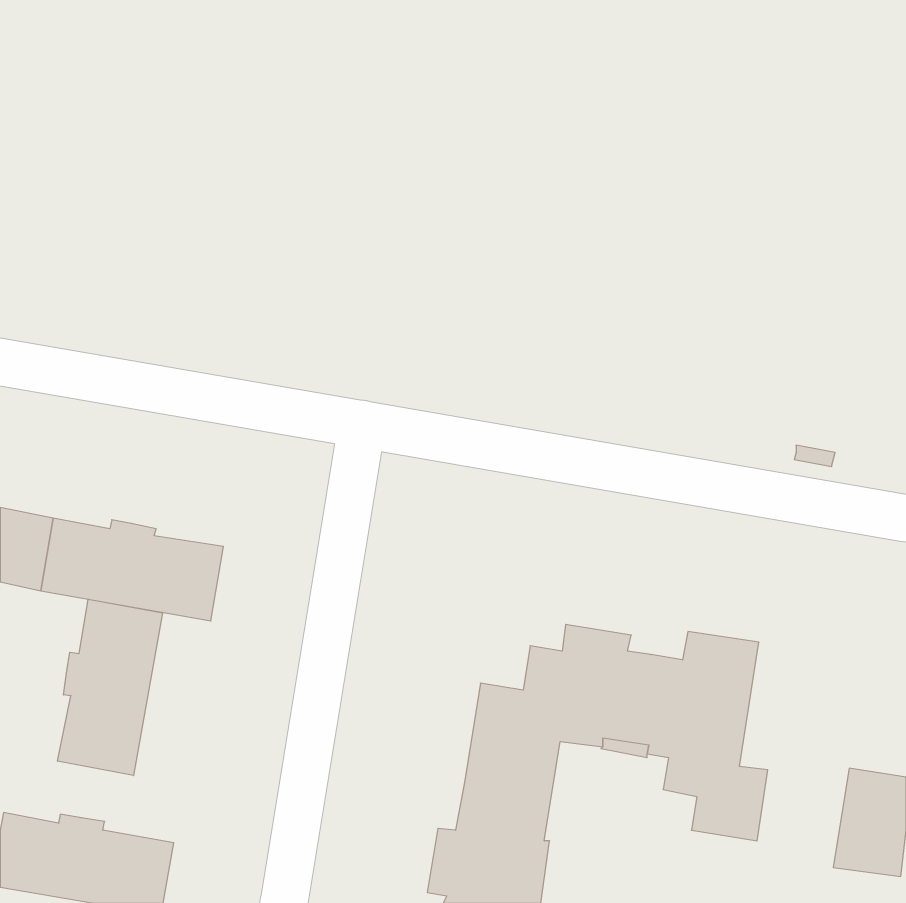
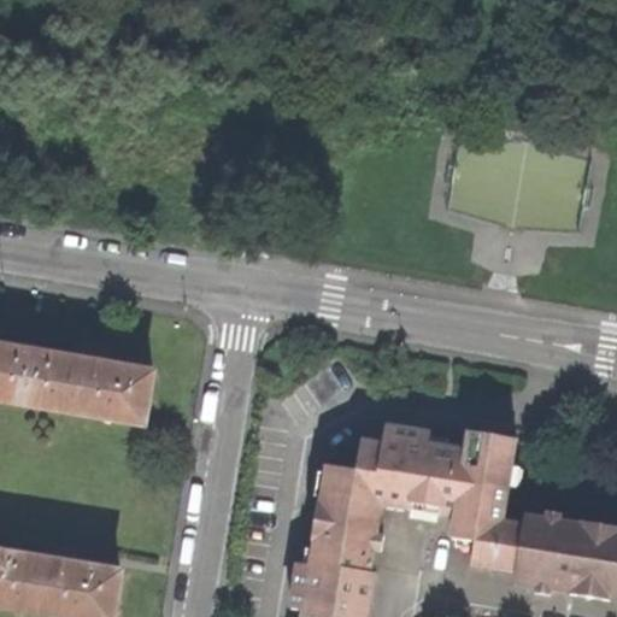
building: [58,599,162,776] -> none
building: none -> [513,513,577,589]

